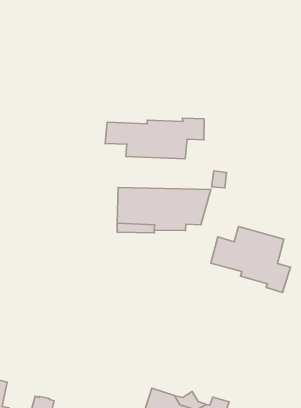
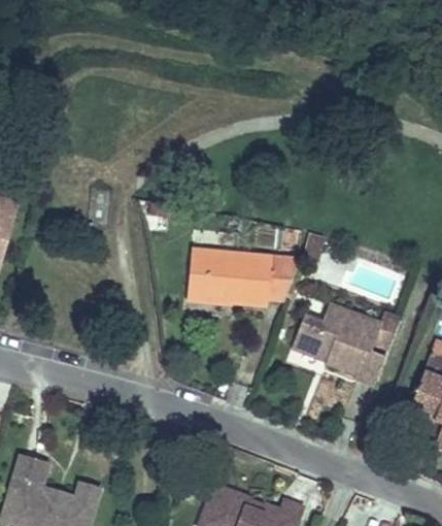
building: [105,118,204,159] -> none

